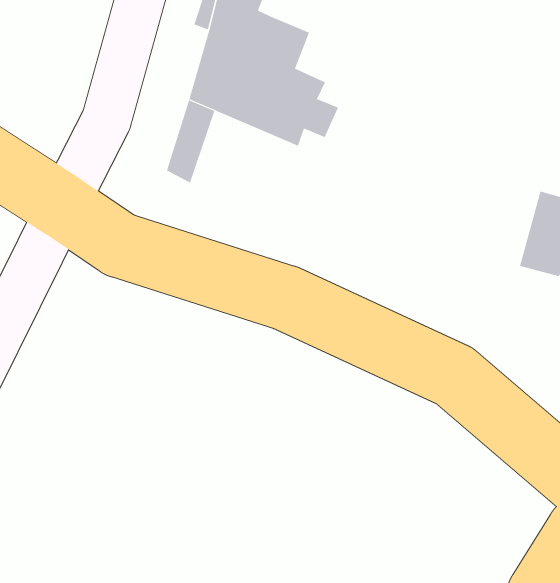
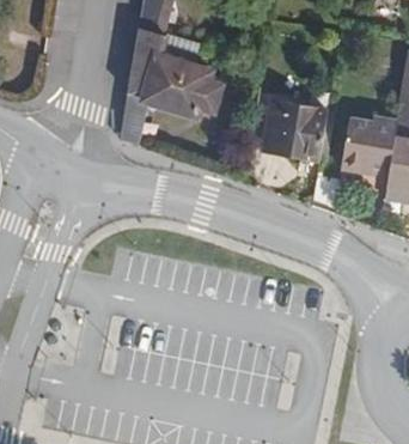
building: none -> [264,99,328,160]

